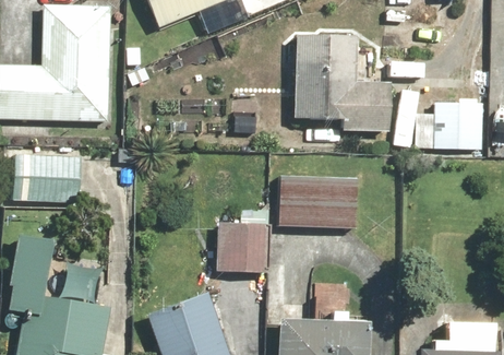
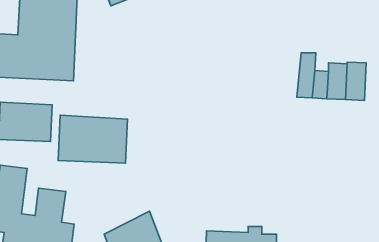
building: [293,36,389,133] -> none
building: none -> [58,115,127,163]
building: [217,174,359,272] -> none

